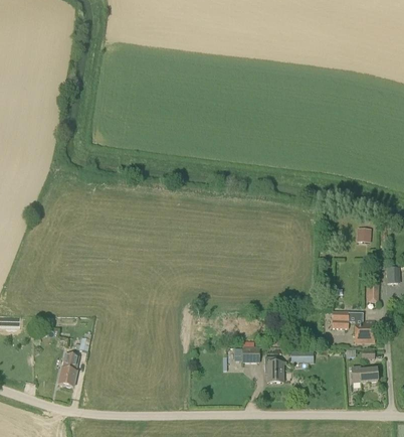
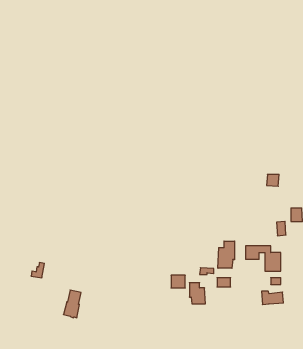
building: none -> [218,241,235,268]
building: [57,353,78,387] -> [63,290,81,318]

